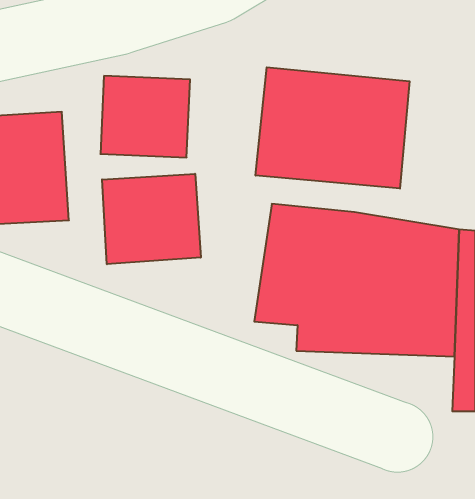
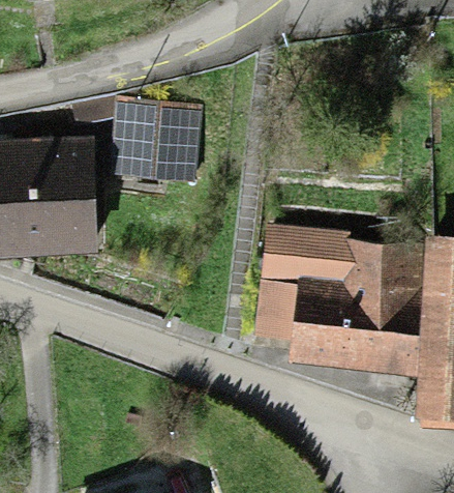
building: [256,67,410,189] -> none
building: [102,174,201,264] -> none

